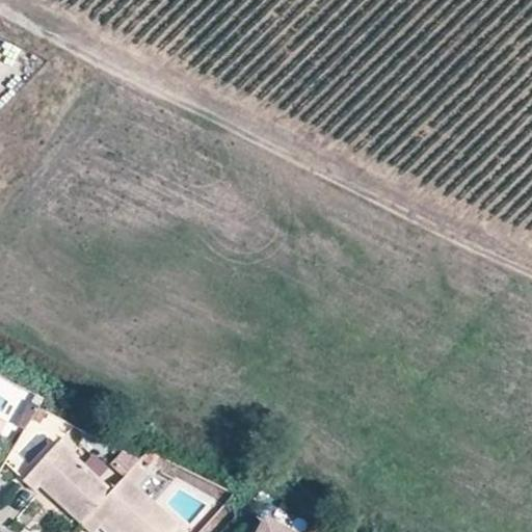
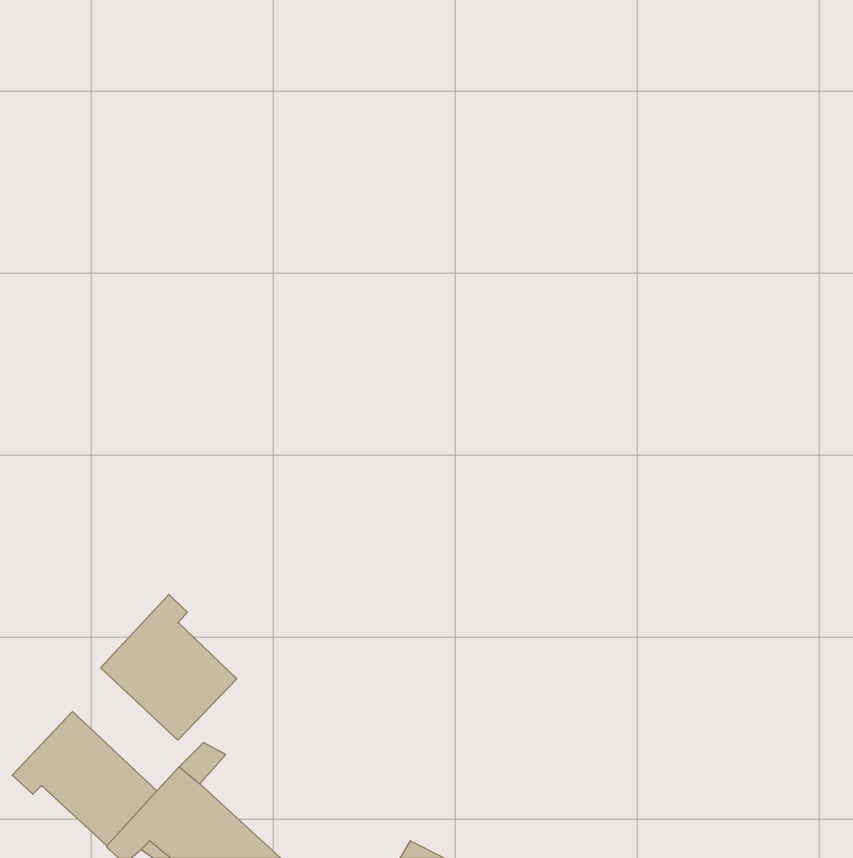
building: none -> [101,594,237,740]

